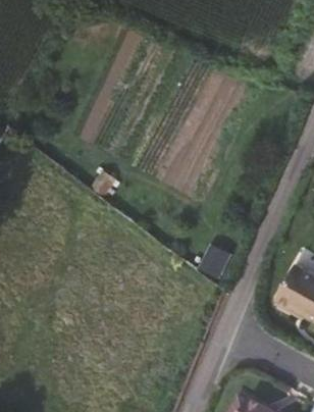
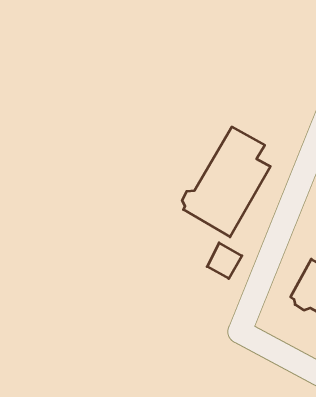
building: none -> [182,127,270,237]

